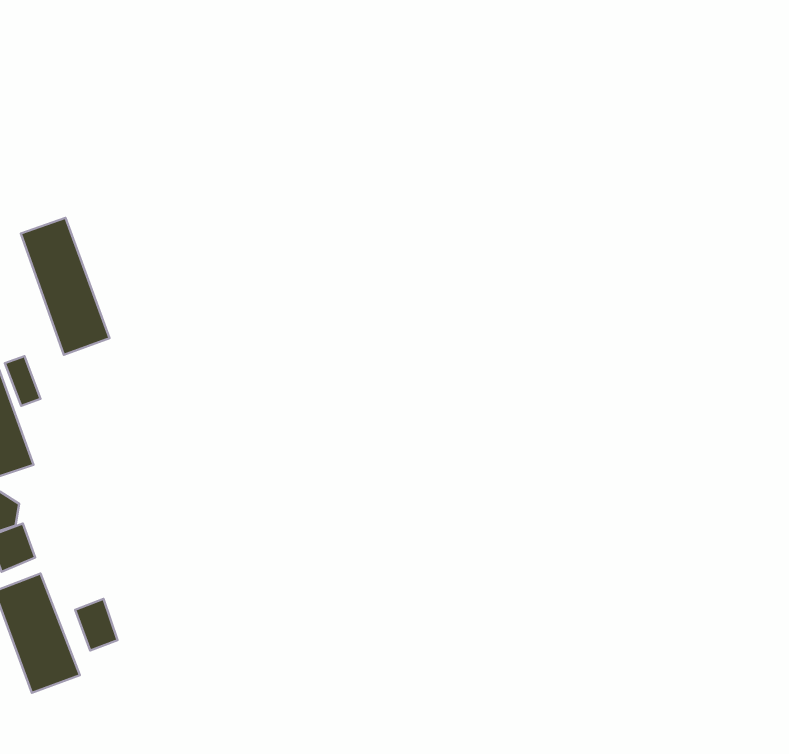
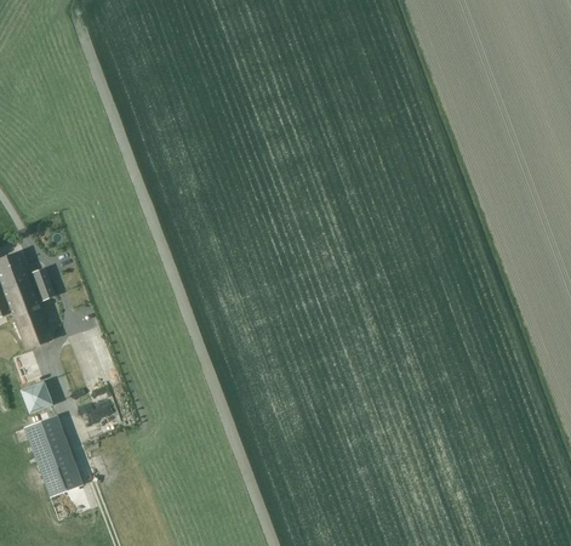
building: [21,218,110,355] -> none
building: [75,599,117,650] -> none

